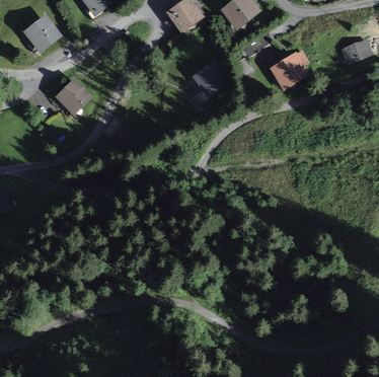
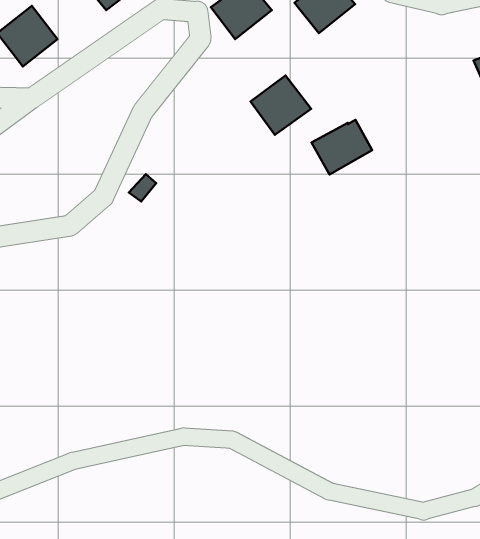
building: [272,51,312,87] -> [311,120,372,174]
building: [54,77,92,115] -> none

